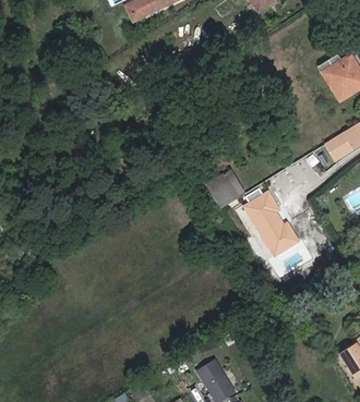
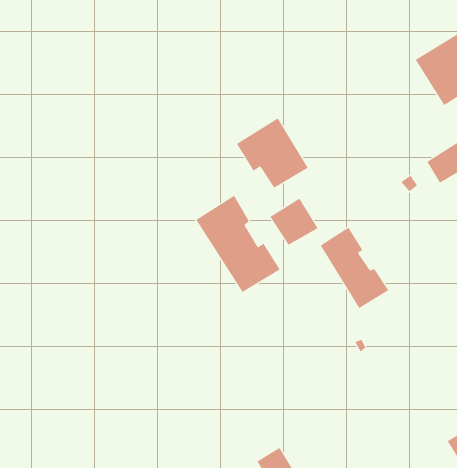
building: none -> [236,118,309,188]
building: none -> [195,195,280,293]

